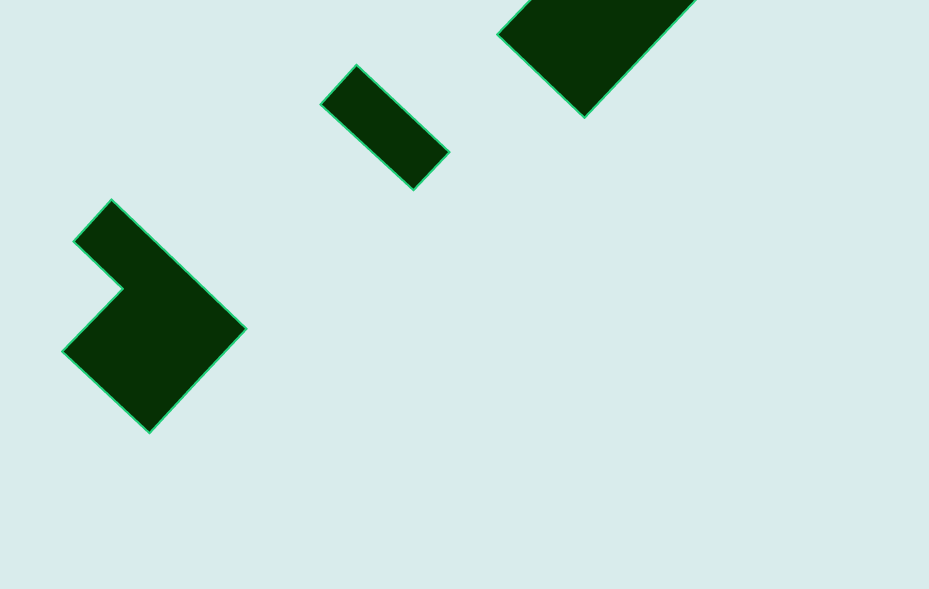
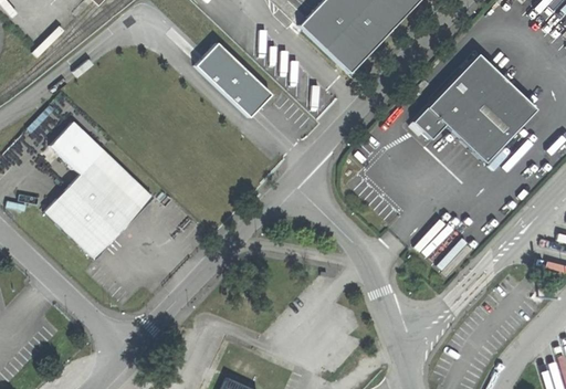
building: none -> [413,55,535,162]

